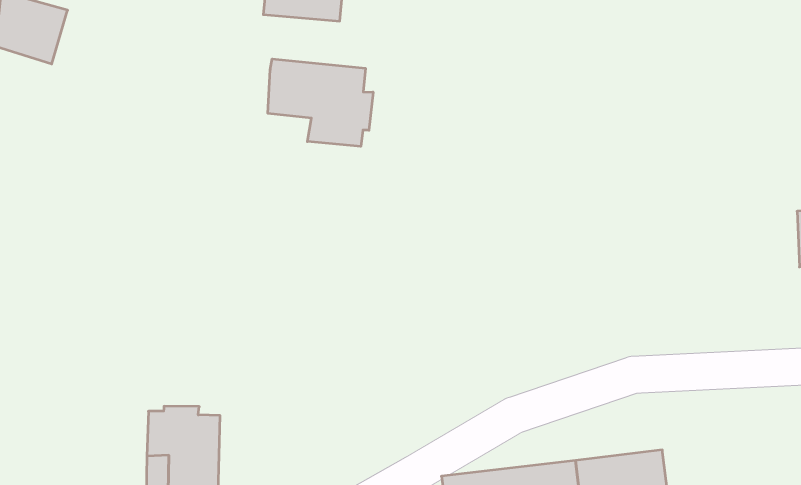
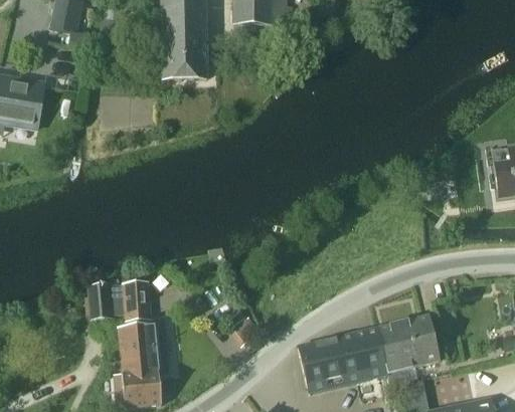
building: [268,59,373,146] -> none
building: none -> [122,278,152,320]
building: none -> [89,283,113,317]

